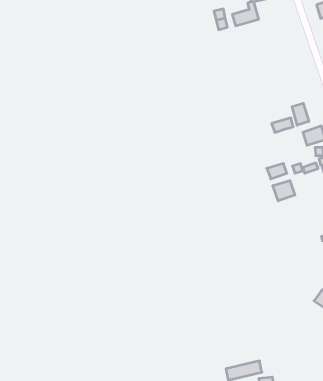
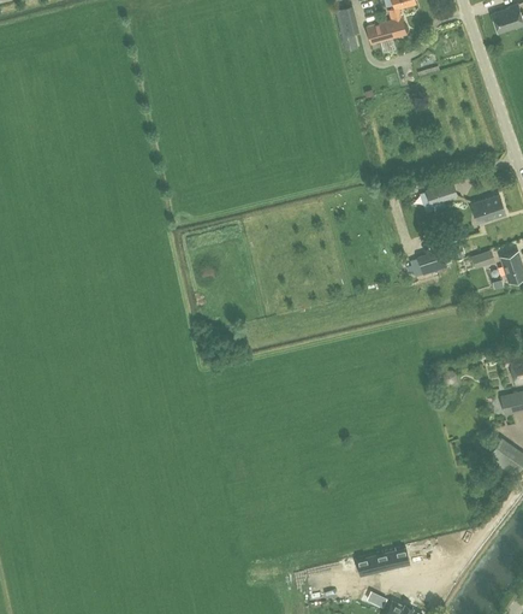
building: [292,103,309,125] -> none
building: [273,181,295,201] -> none

